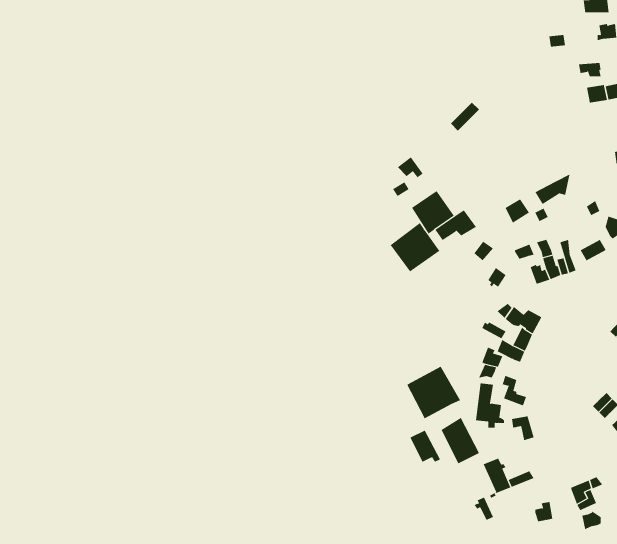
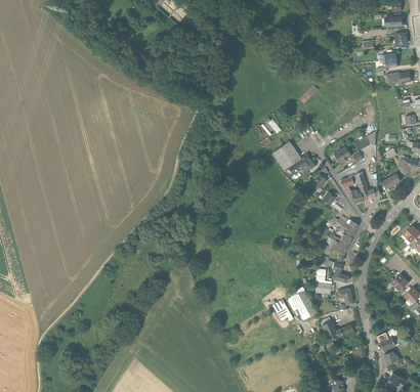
building: [390,222,440,273] -> none
building: [406,366,461,419] -> none

